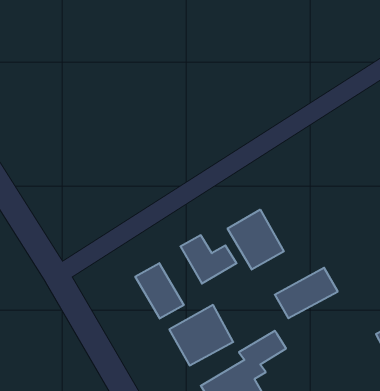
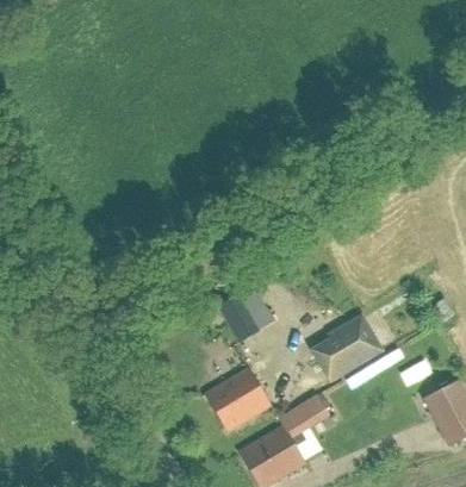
building: [228,210,284,270] -> none
building: [135,263,184,319] -> none

